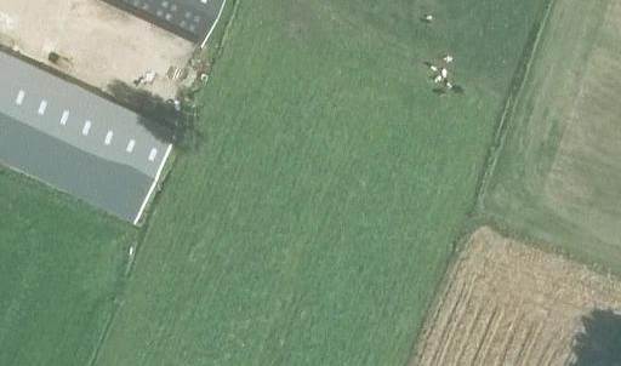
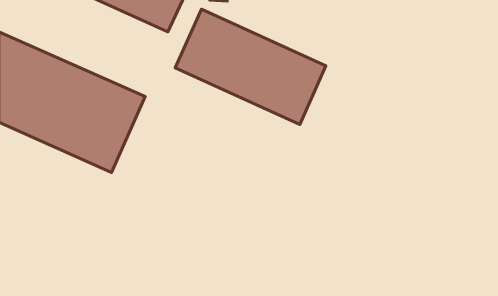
building: none -> [175,9,326,124]

